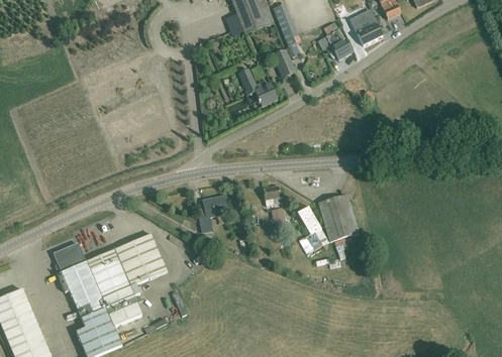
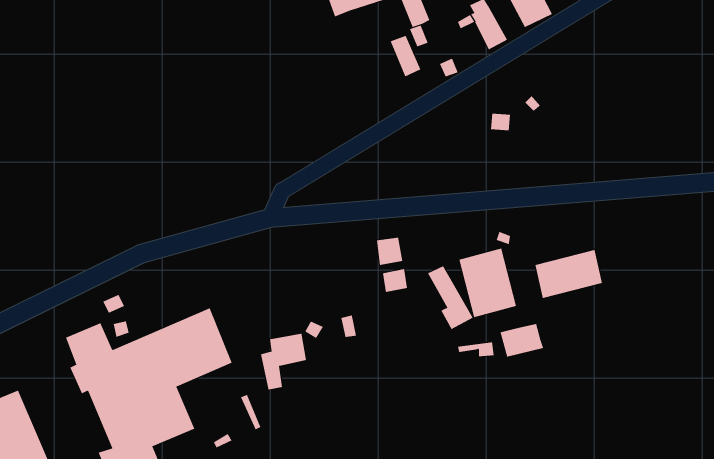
building: [238,70,278,107] -> none
building: none -> [535,249,603,299]
building: [197,195,228,233] -> [260,333,307,390]
building: none -> [500,323,544,357]

